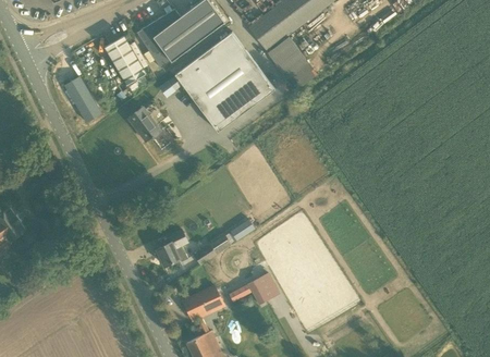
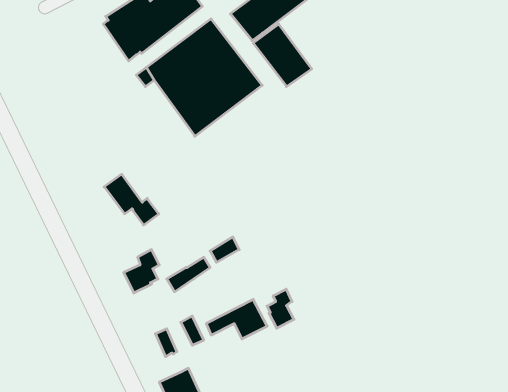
building: [103,35,147,84] -> none
building: [63,76,101,122] -> none
building: [127,107,174,150] -> [104,174,159,225]
building: none -> [267,289,294,328]

